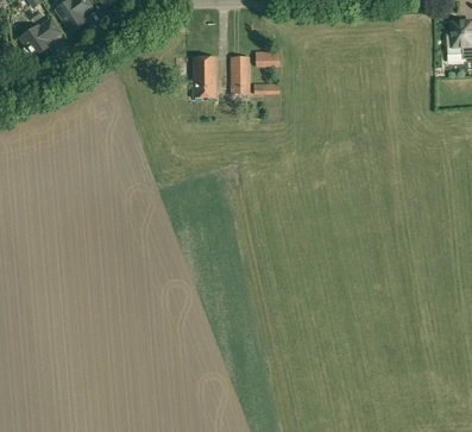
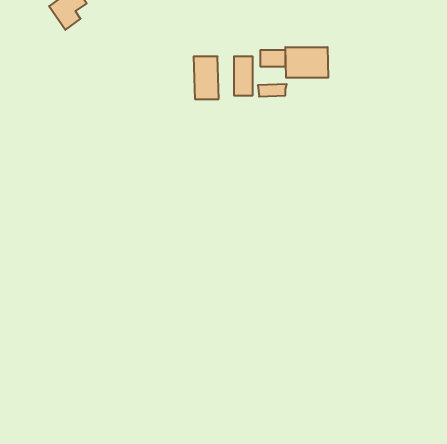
building: [20,20,59,57] -> none
building: none -> [285,47,328,78]

